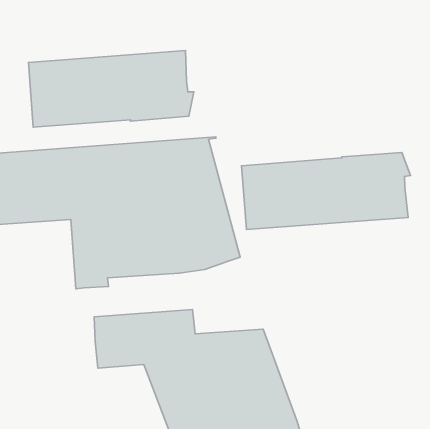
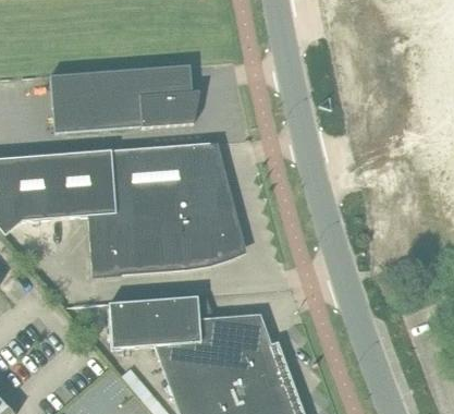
building: [242,153,411,230] -> none

